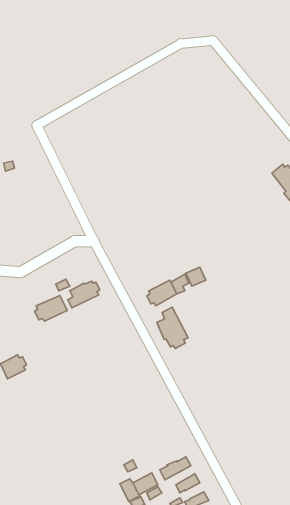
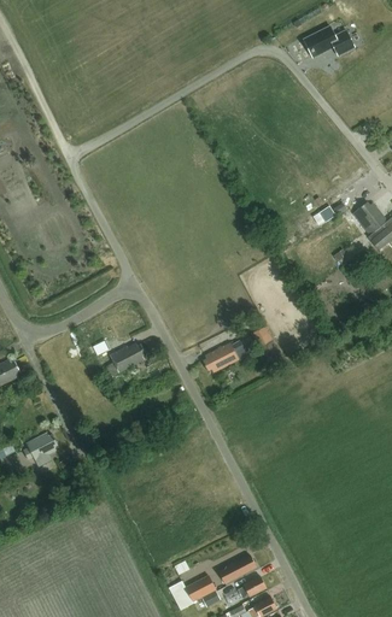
building: none -> [305,25,353,54]
building: [35,295,67,321] -> none
building: [157,307,188,348] -> none

